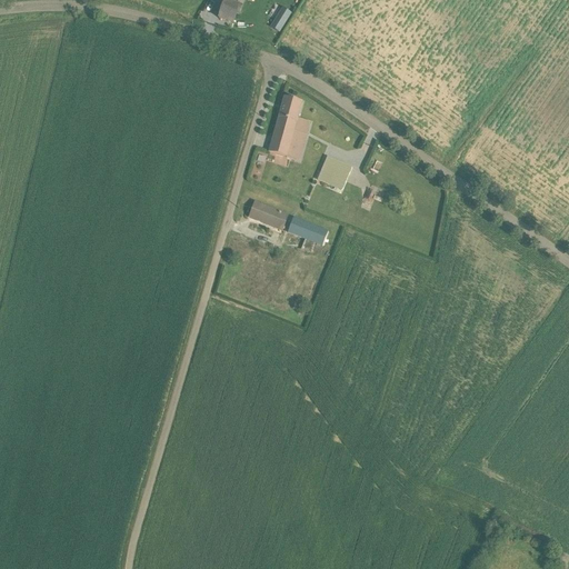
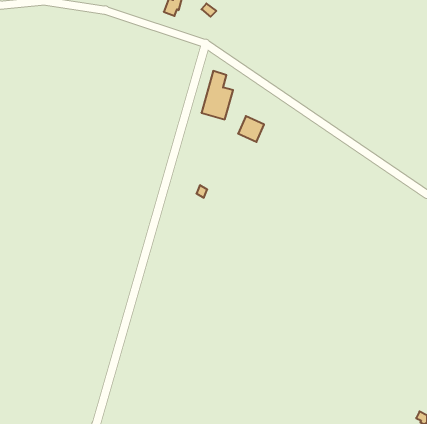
building: [249,200,288,228] -> none
building: [287,216,328,251] -> none

